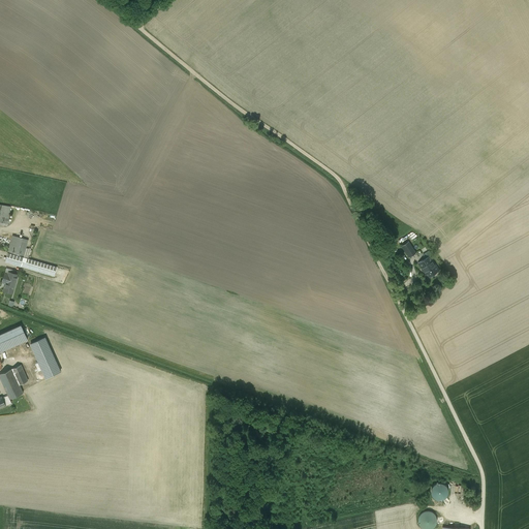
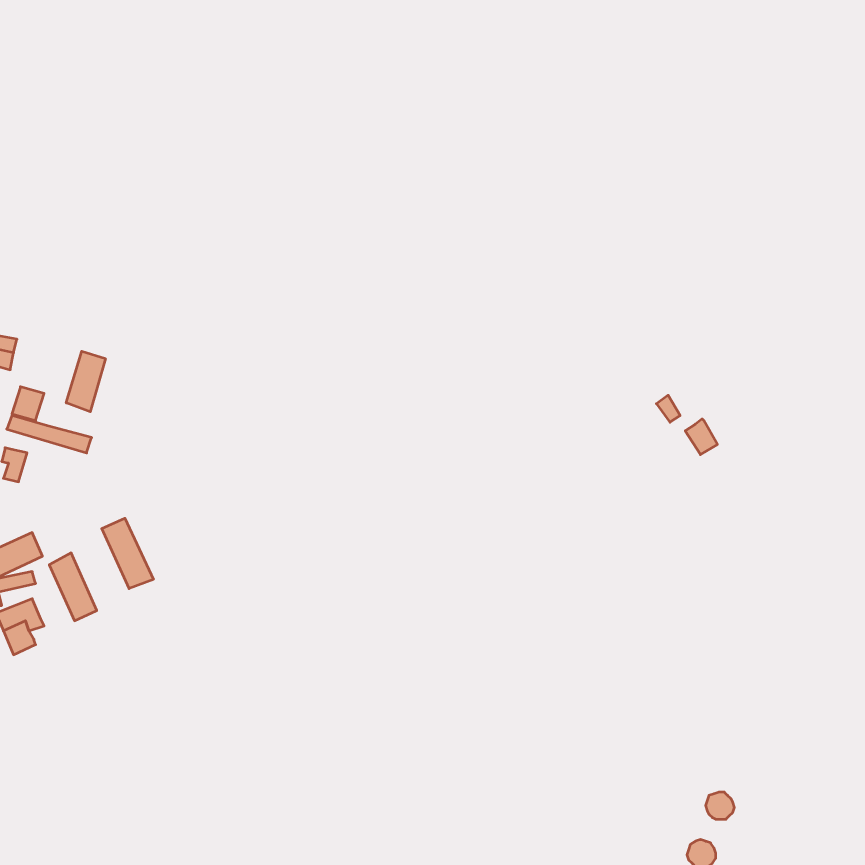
building: none -> [66,351,105,412]
building: none -> [102,518,153,589]

